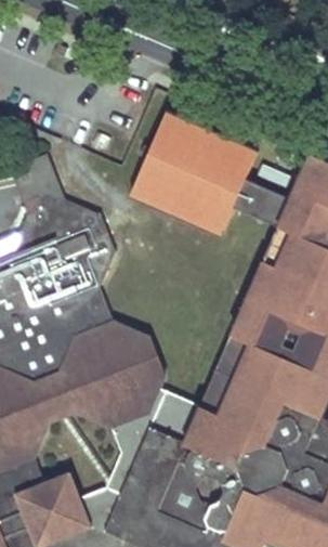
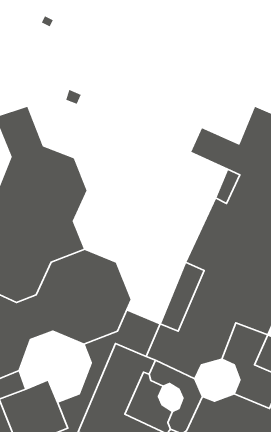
building: [127,110,258,236] -> none
building: [238,447,290,496] -> none

